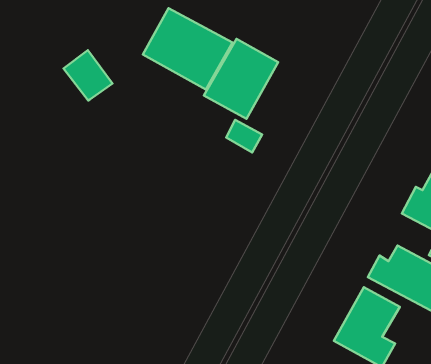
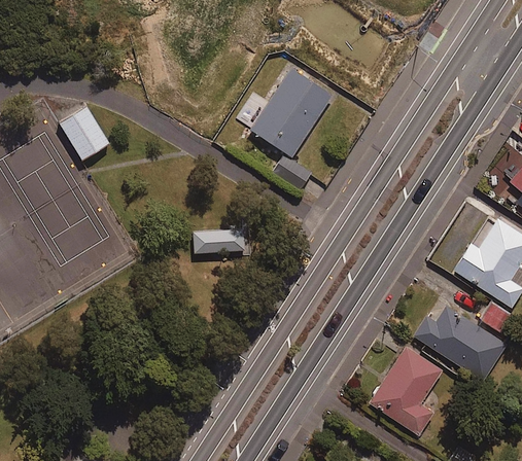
building: [143,8,233,89] -> none
building: [64,50,112,101] -> [60,105,111,159]
building: none -> [195,228,246,252]

